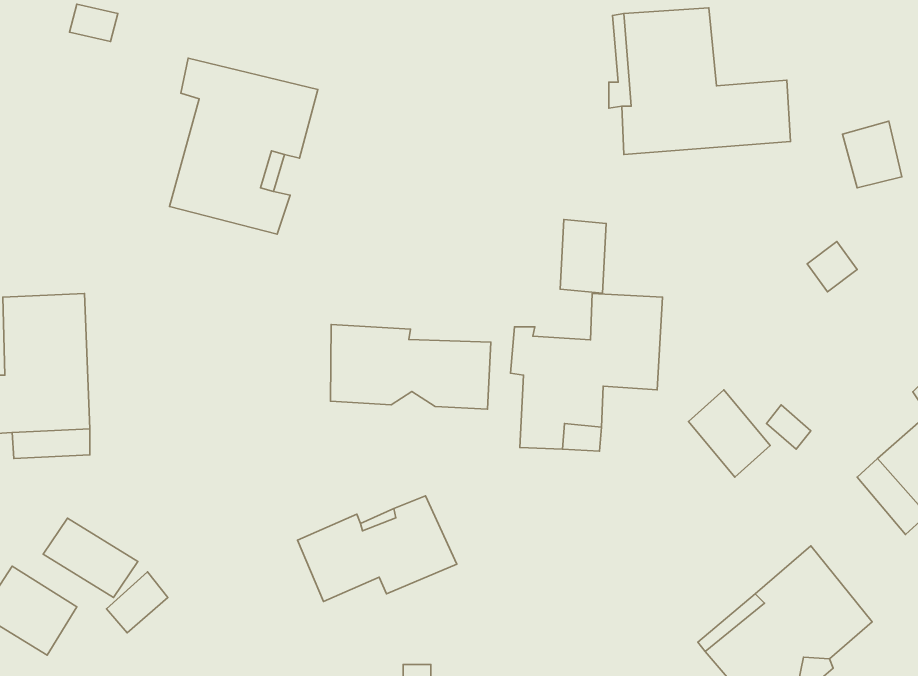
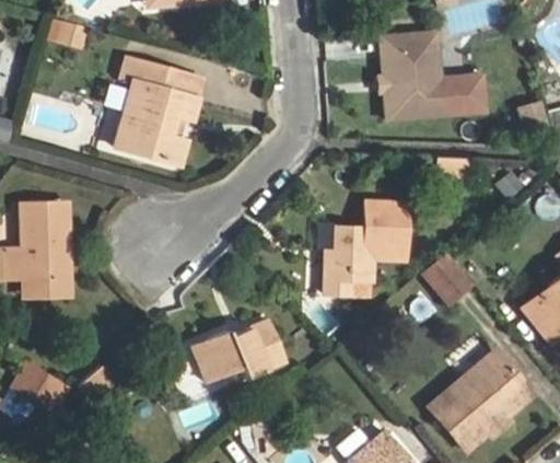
building: [560,220,606,293] -> none
building: [330,325,491,409] -> none
building: [43,518,138,597] -> none

